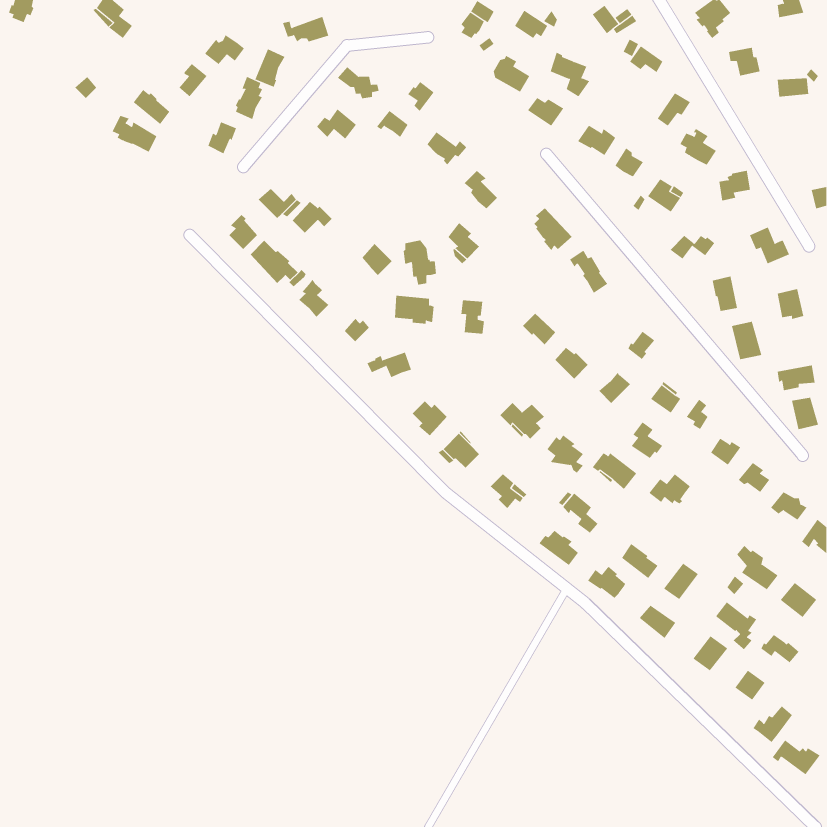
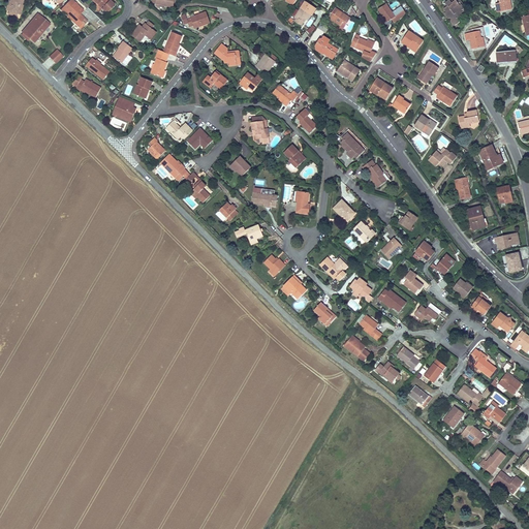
building: none -> [20,12,50,42]
building: none -> [111,96,135,122]
building: [403,240,437,285] -> [250,115,272,144]

